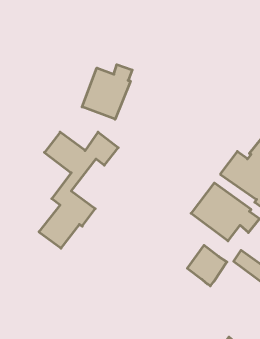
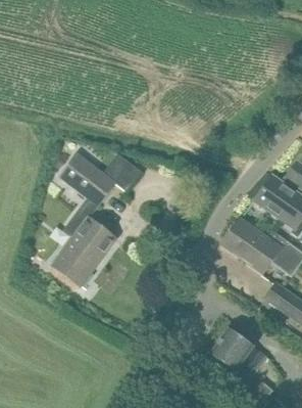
building: [82,65,132,119] -> none
building: [187,245,227,286] -> [209,327,253,372]

